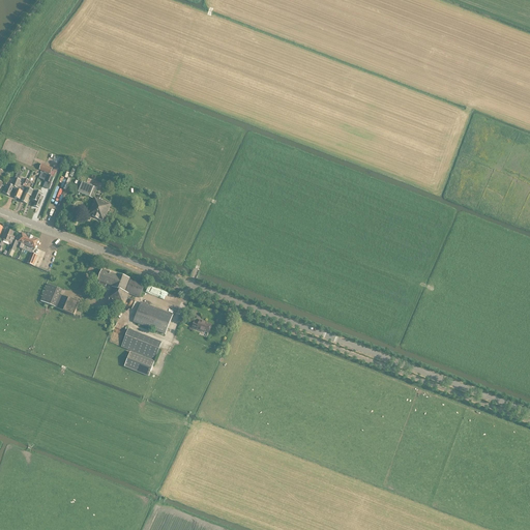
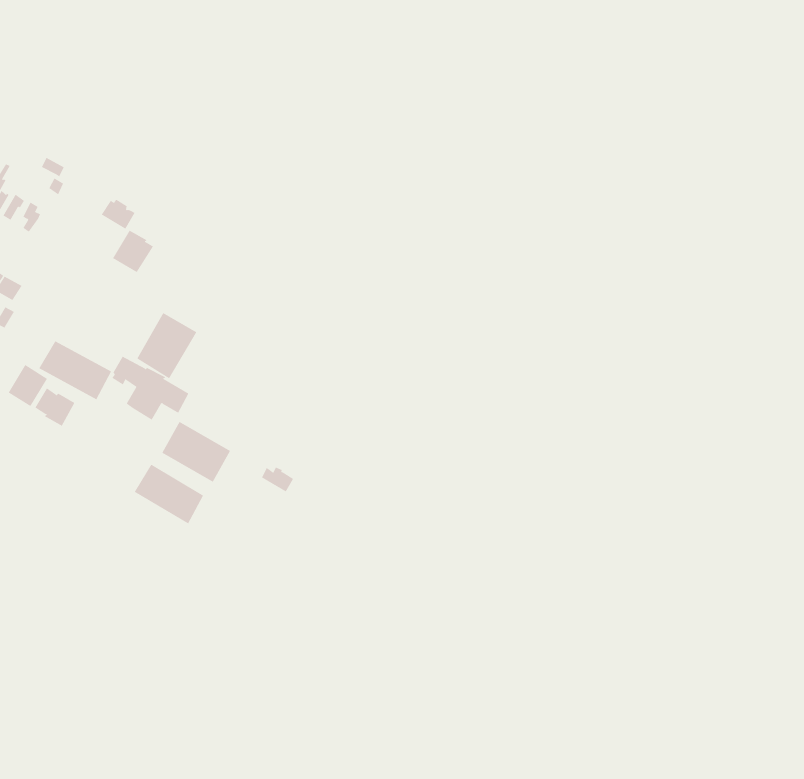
building: none -> [137,312,197,379]
building: none -> [38,341,112,400]
building: [123,350,153,374] -> none

